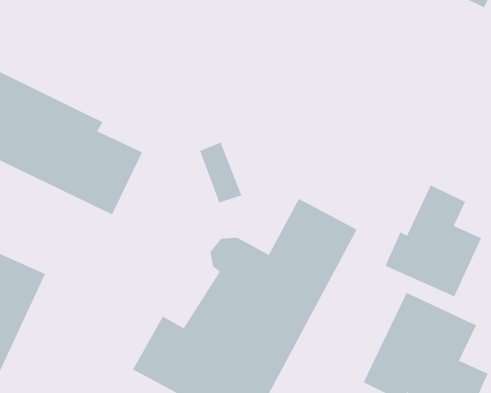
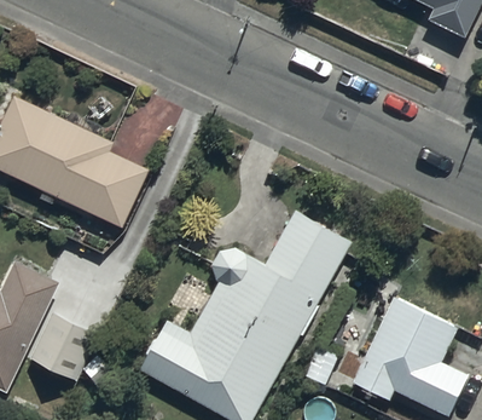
building: [385,184,482,297] -> none
building: none -> [31,313,95,378]

